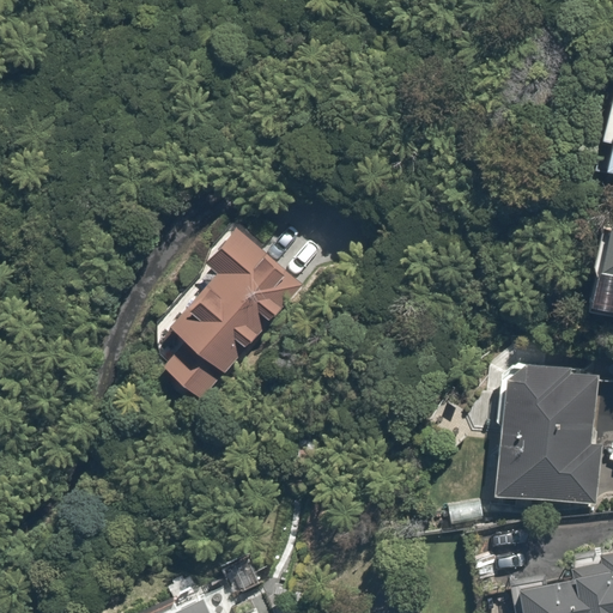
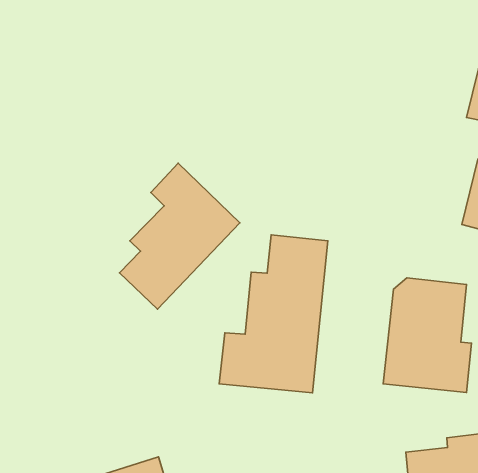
building: none -> [219,235,328,393]

